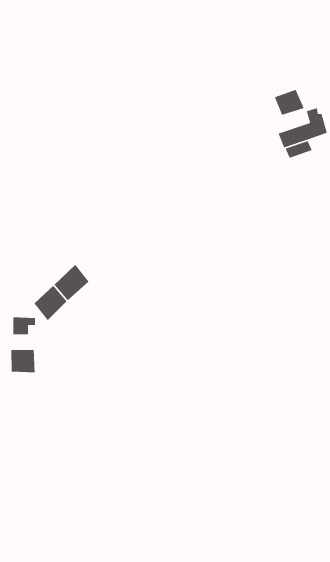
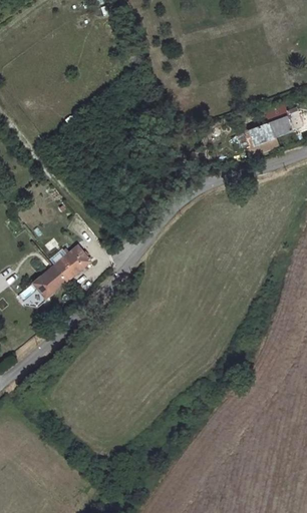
building: [274,89,305,116] -> none
building: [11,349,36,373] -> none

